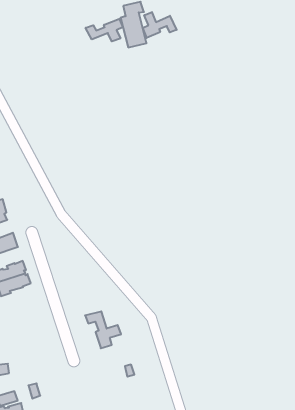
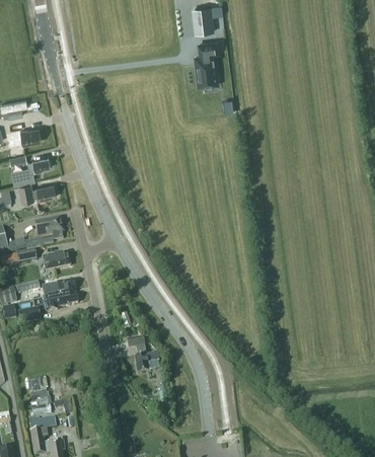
building: [143,12,177,38] -> none
building: [86,19,123,41] -> none

